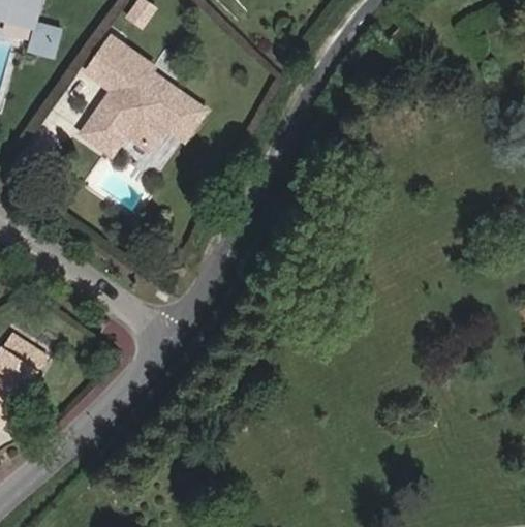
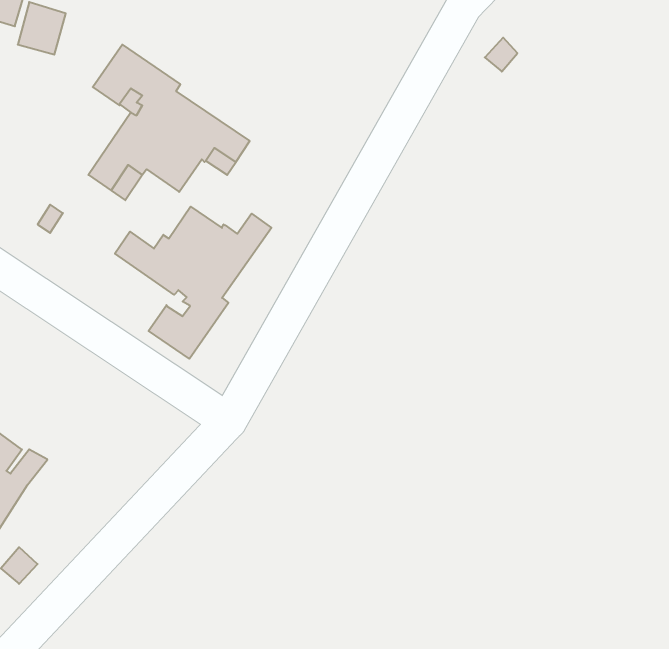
building: none -> [115,207,271,359]

